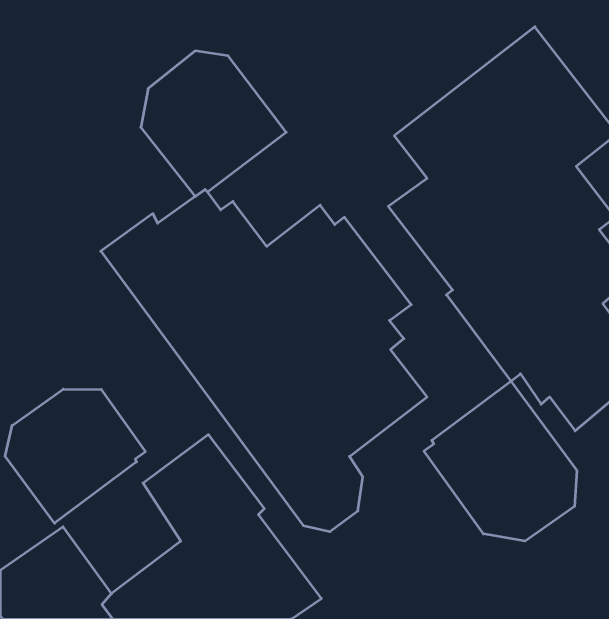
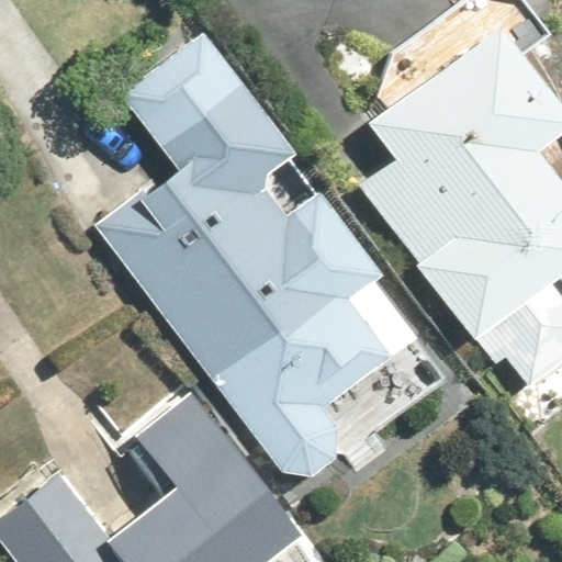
building: [424,381,577,541] -> none
building: [5,389,145,523] -> none

